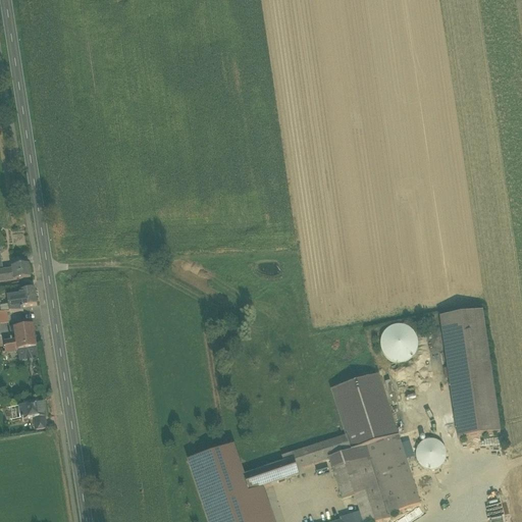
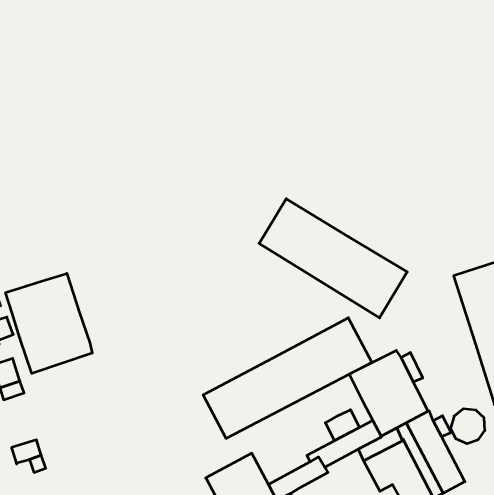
building: none -> [259,199,407,318]
building: none -> [6,273,92,373]
building: [379,321,418,360] -> none
building: none -> [203,318,372,438]
building: none -> [325,410,359,441]

